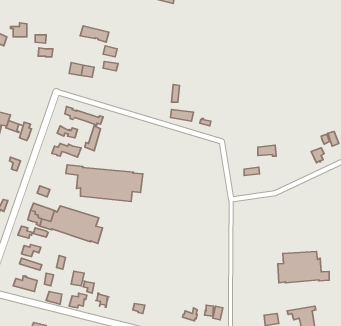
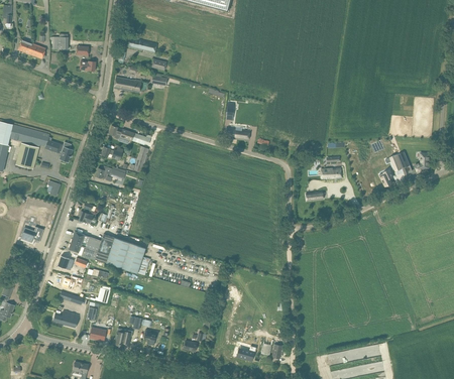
building: [66,165,143,202] -> none
building: [278,251,329,283] -> none

